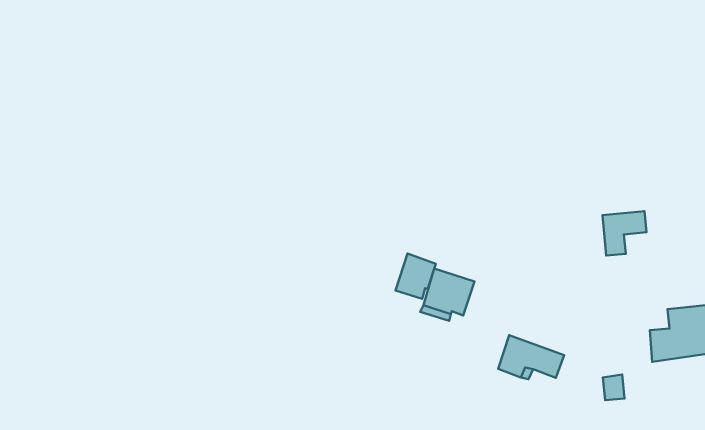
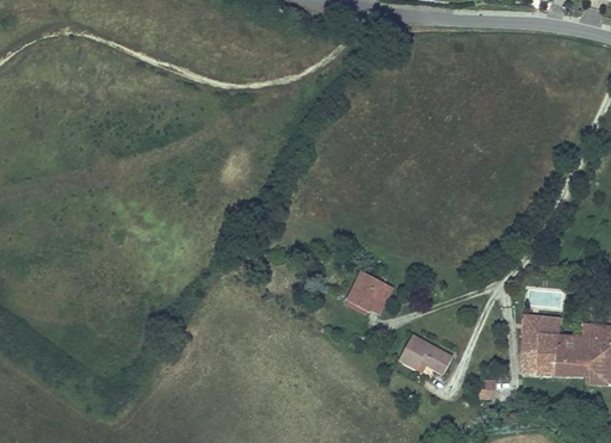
building: [603,211,646,256] -> [523,315,558,349]
building: [396,253,436,299] -> none

